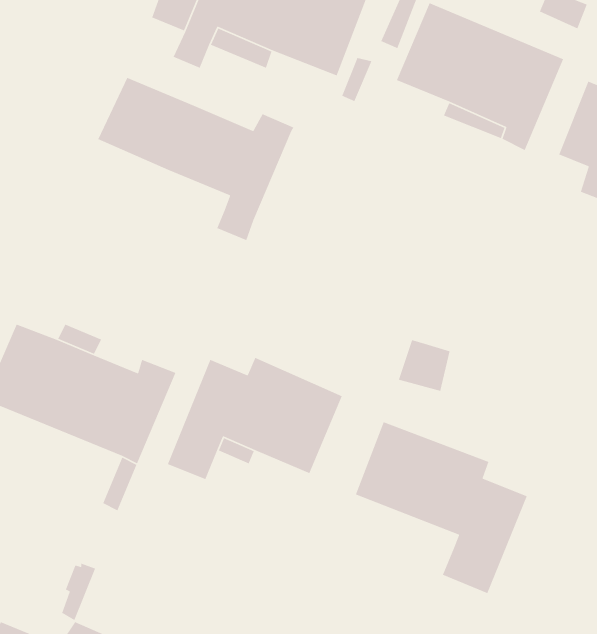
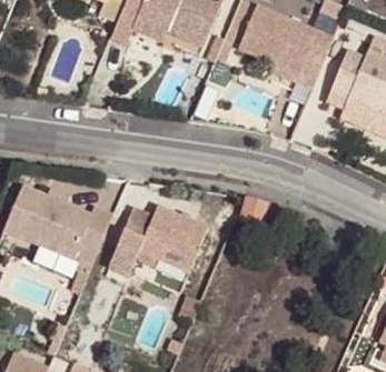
building: [97,77,295,241] -> none
building: [355,421,528,594] -> none

